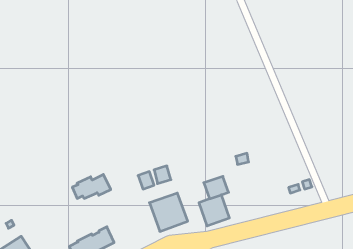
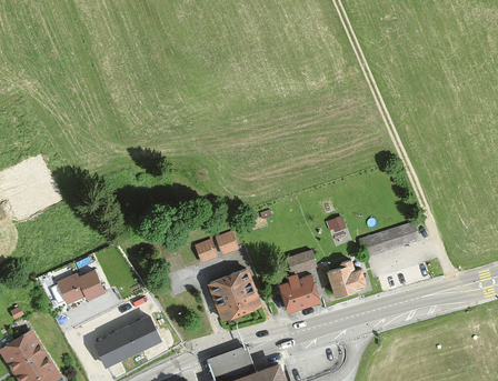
building: none -> [359,221,421,260]
building: [72,174,111,198] -> [50,269,103,302]
building: none -> [326,261,366,298]

